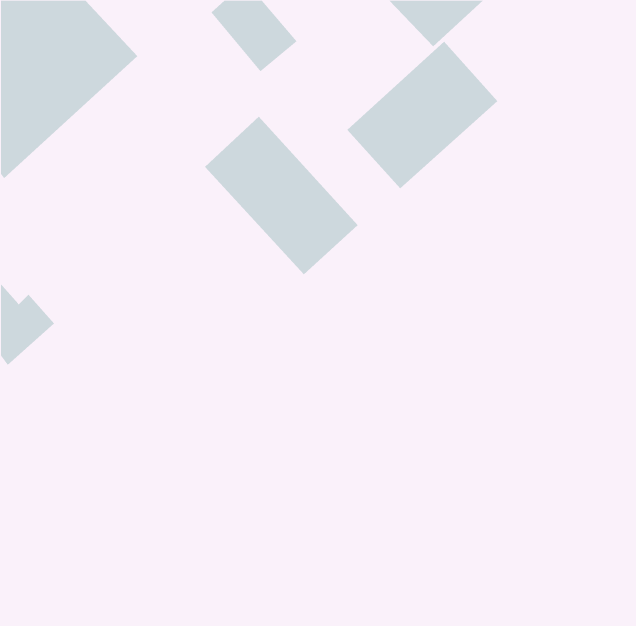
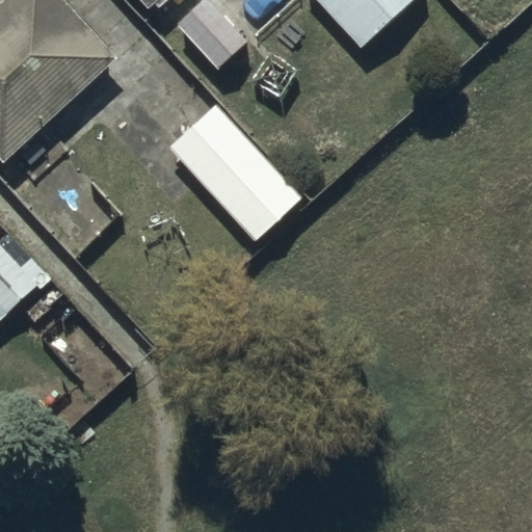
building: [346,41,498,189] -> none

